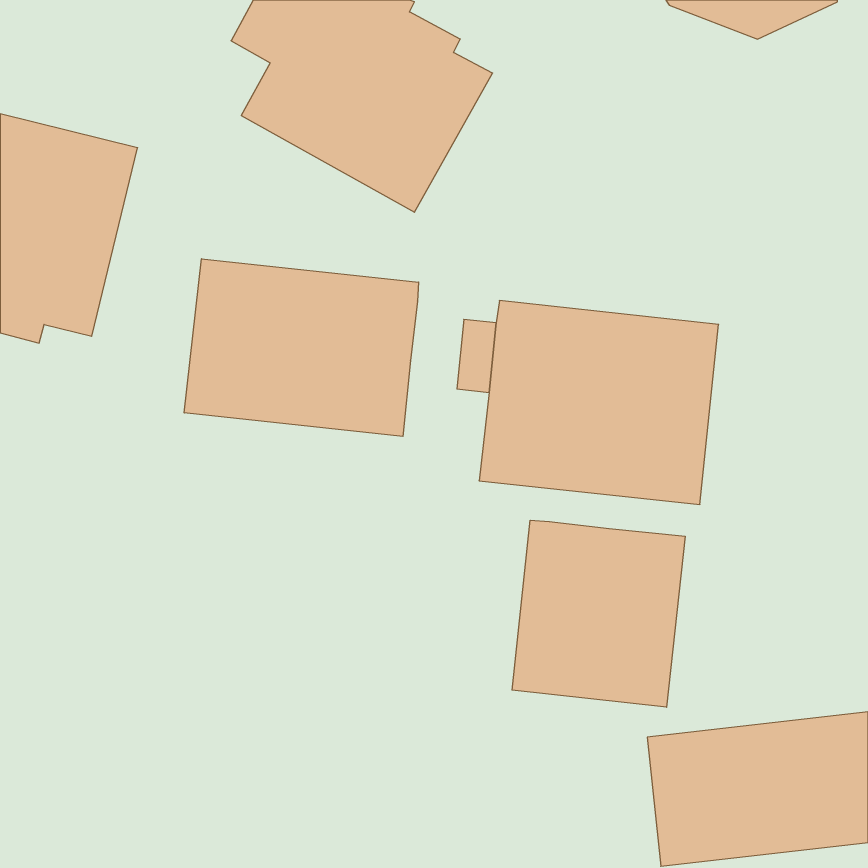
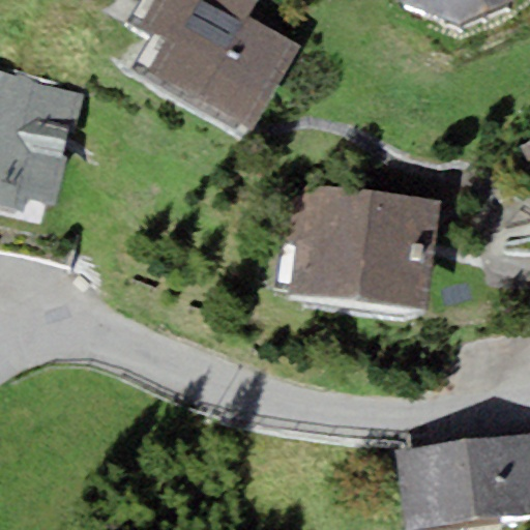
building: [184,259,419,436] -> none
building: [512,520,685,707] -> none

